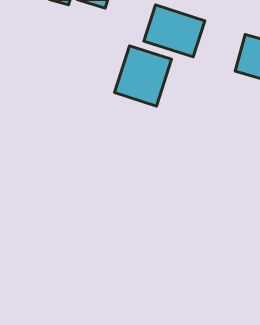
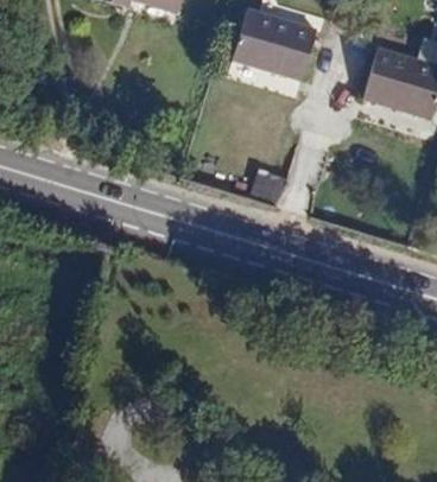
building: [114,46,171,106] -> none

